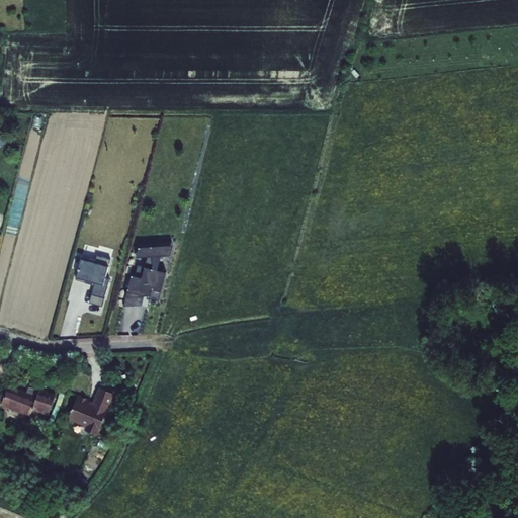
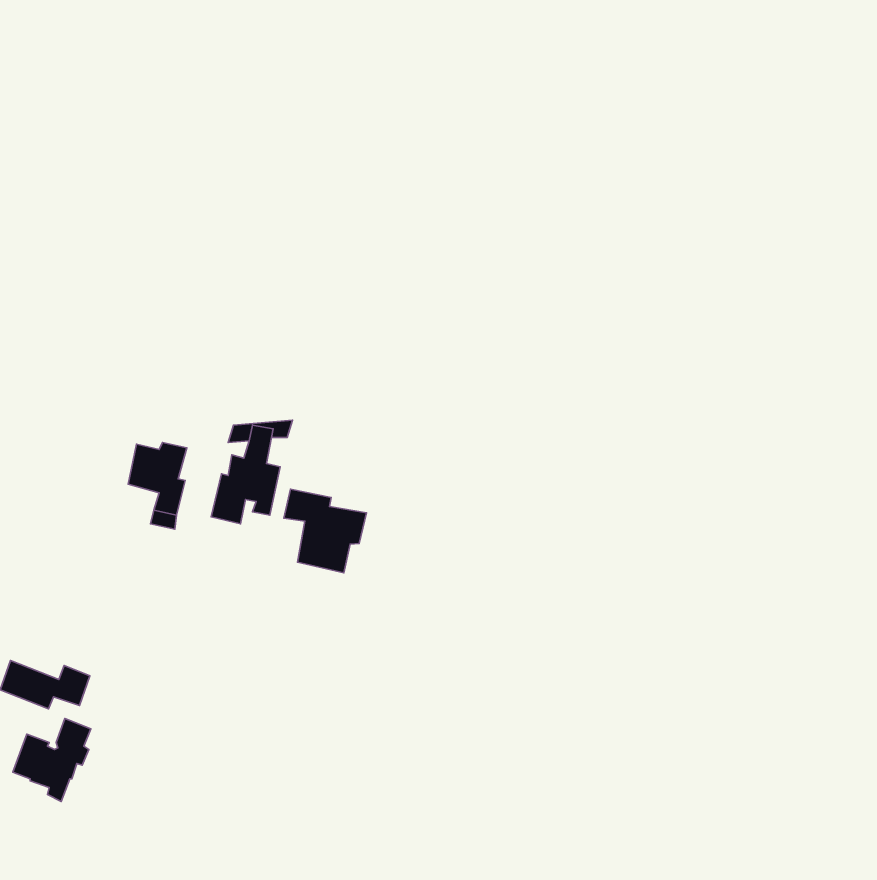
building: none -> [284,489,367,573]
building: [68,386,113,435] -> [13,718,91,801]

